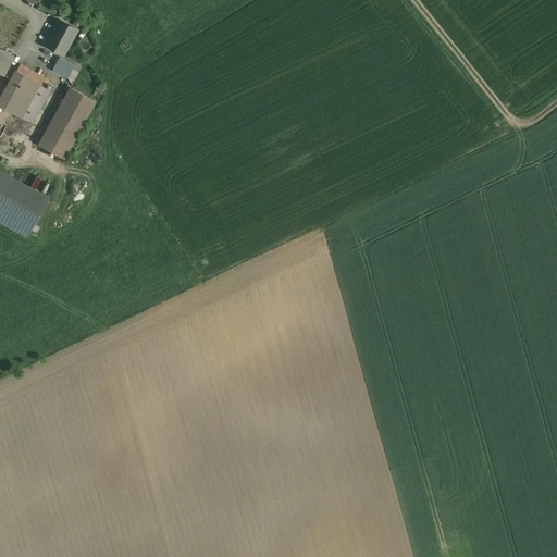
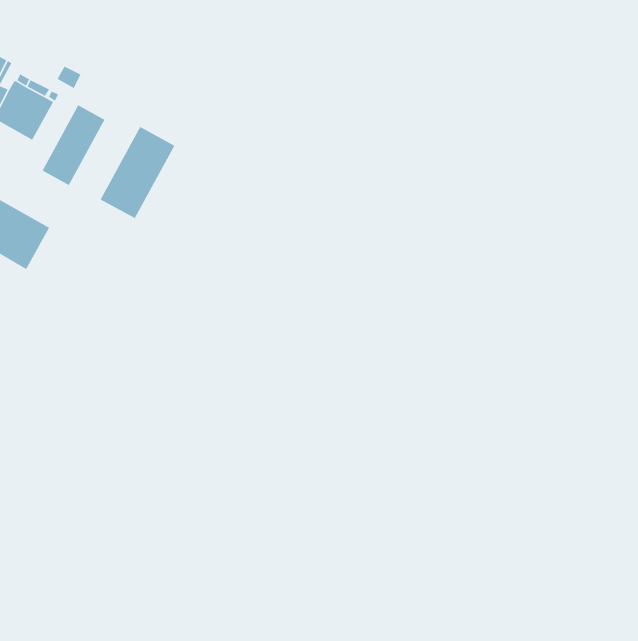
building: [42,18,74,53] -> none
building: none -> [100,126,175,219]

